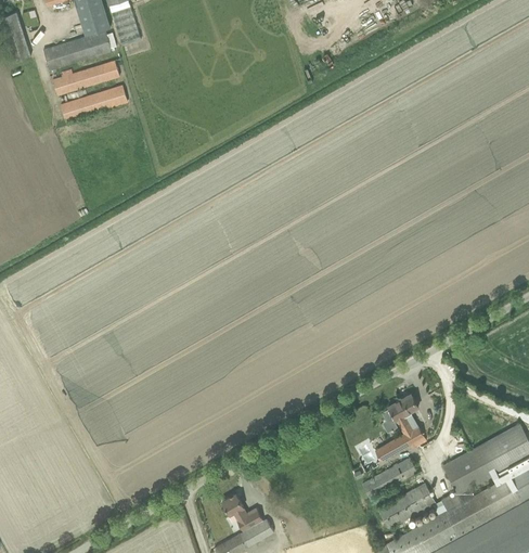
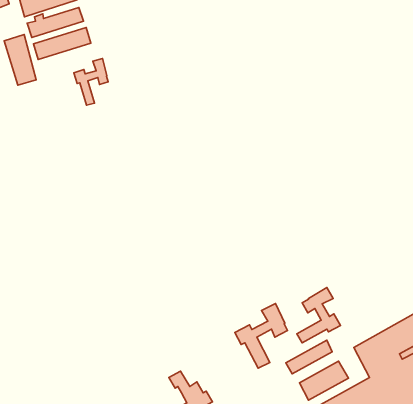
building: none -> [4,34,36,85]
building: none -> [74,59,108,105]
building: none -> [235,304,287,368]

